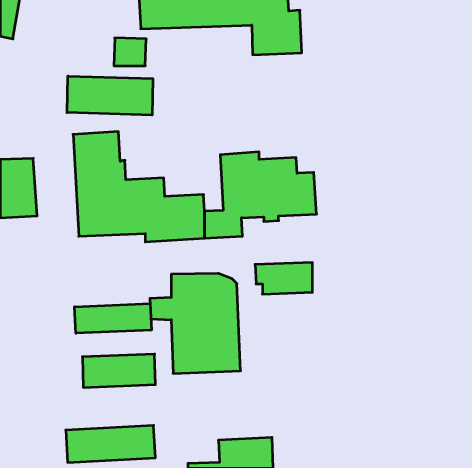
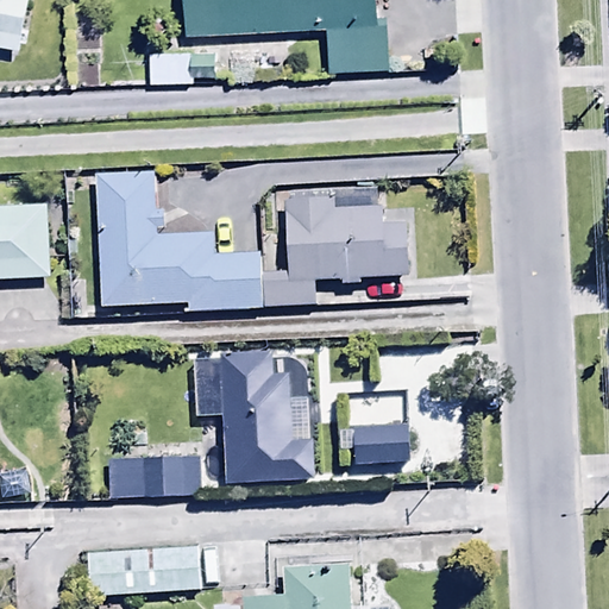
building: [67,76,153,115] -> none
building: [255,263,312,294] -> [341,425,415,465]
building: [75,303,151,333] -> none

